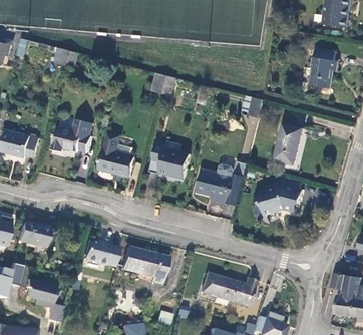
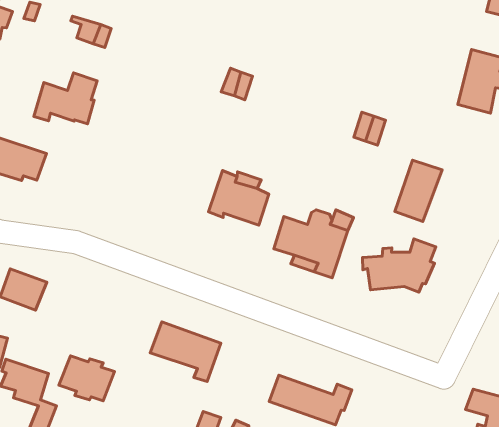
building: [53,119,93,152] -> [34,73,97,124]
building: [100,132,133,176] -> none
building: [82,237,118,265] -> [59,356,115,401]

